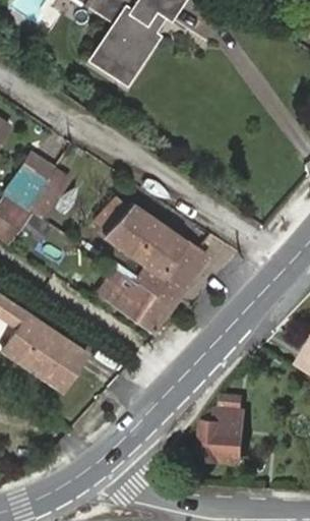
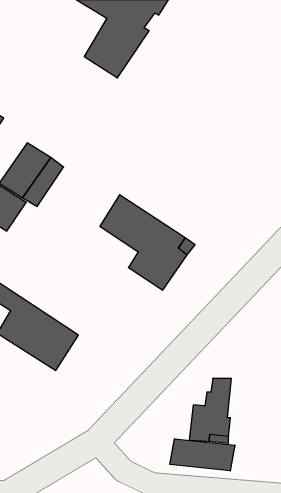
building: [98,266,173,331] -> none
building: none -> [170,439,235,471]

